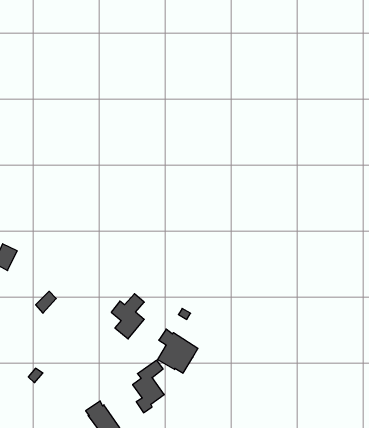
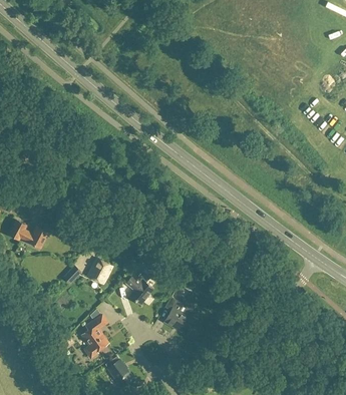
building: none -> [87,258,112,284]
building: [133,360,164,413] -> [81,315,107,358]

